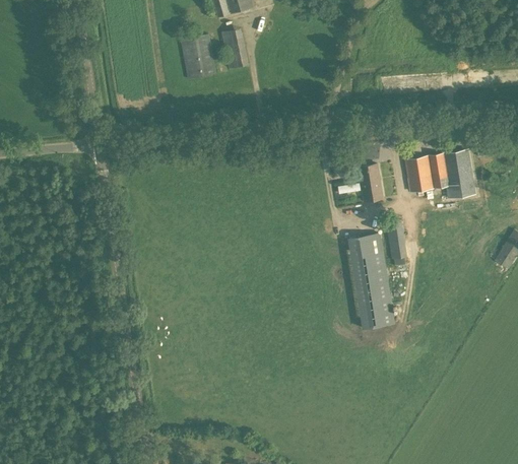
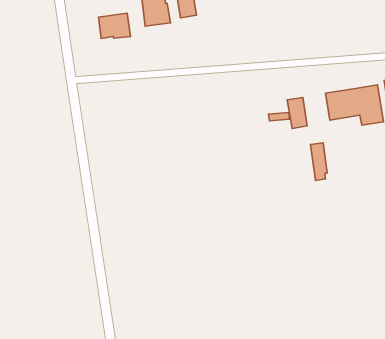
building: none -> [99,13,130,38]
building: [348,236,394,330] -> none

